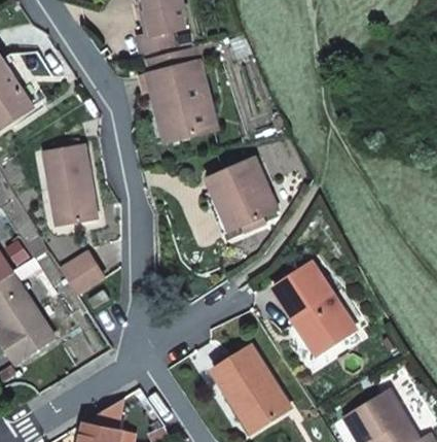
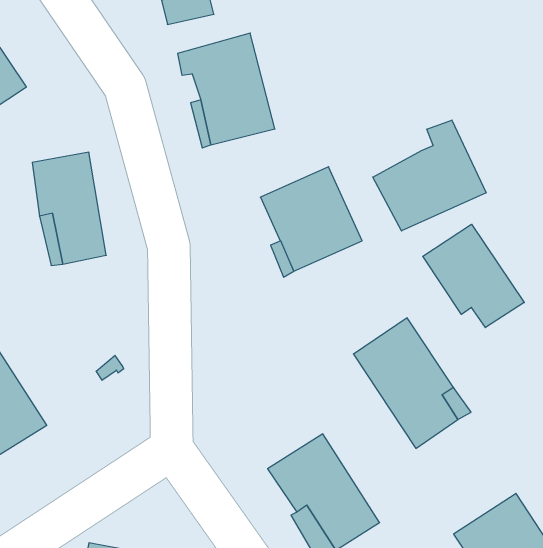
building: none -> [373,120,486,231]
building: none -> [423,224,524,328]
building: [62,252,104,298] -> none

